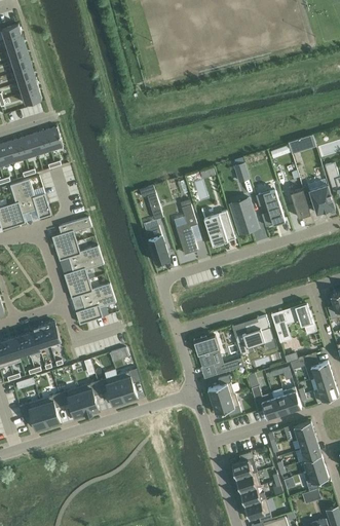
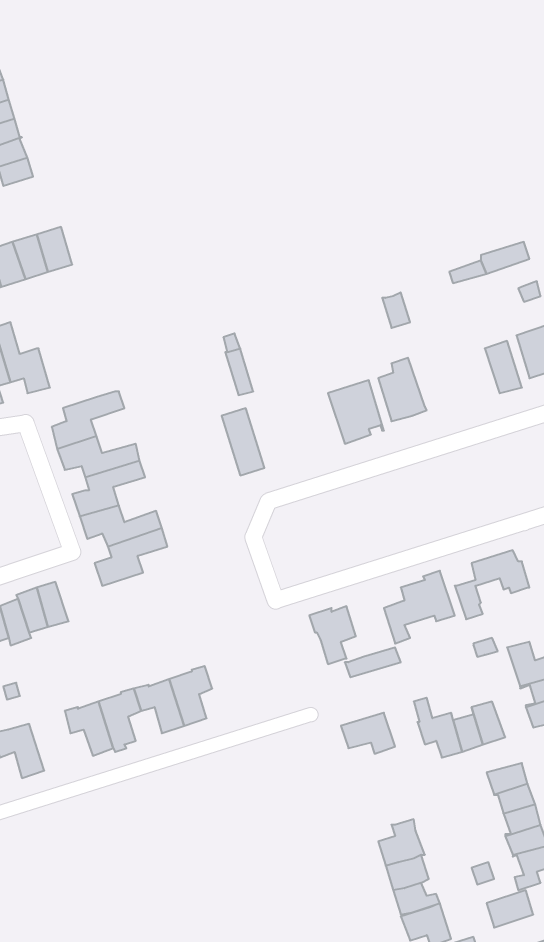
building: [255,190,285,227] -> none
building: [175,200,197,255] -> none
building: [207,376,234,402] -> none
building: [39,393,62,426] -> none

